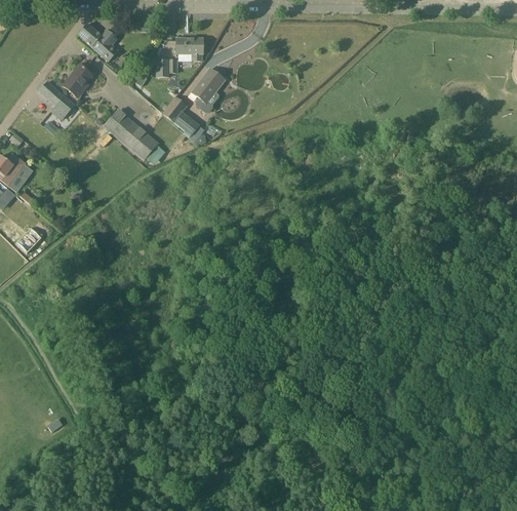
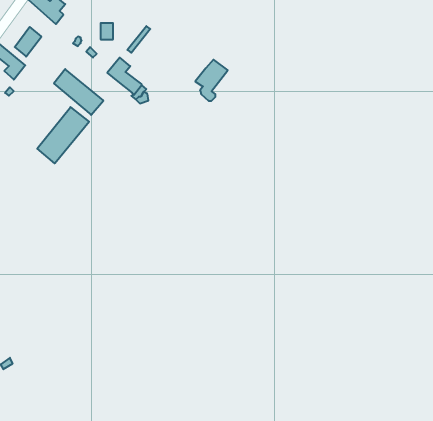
building: [175,39,203,61] -> none
building: [191,69,226,113] -> [195,60,228,101]
building: none -> [37,107,89,163]

